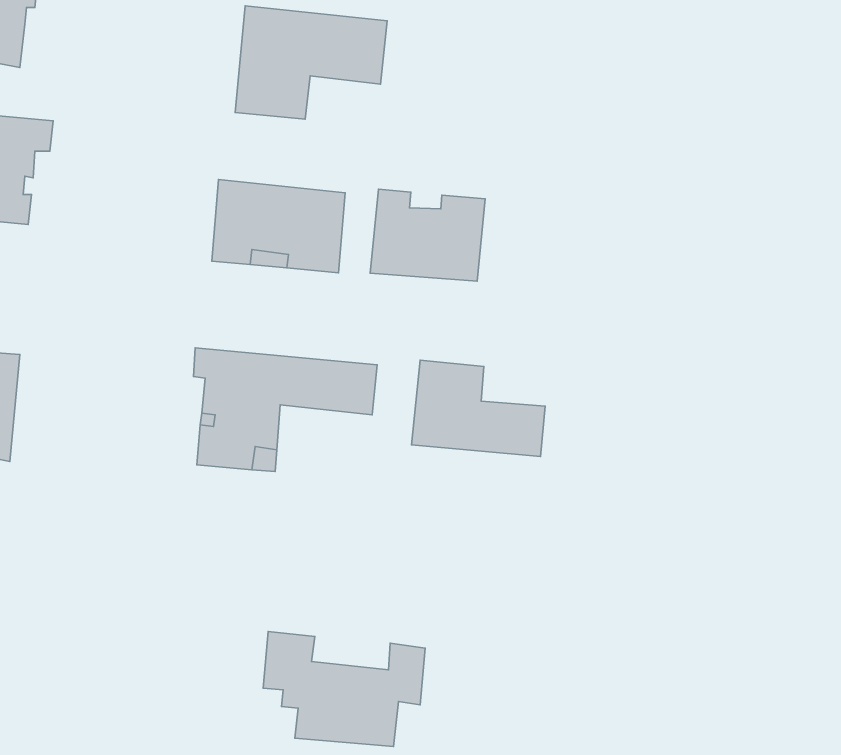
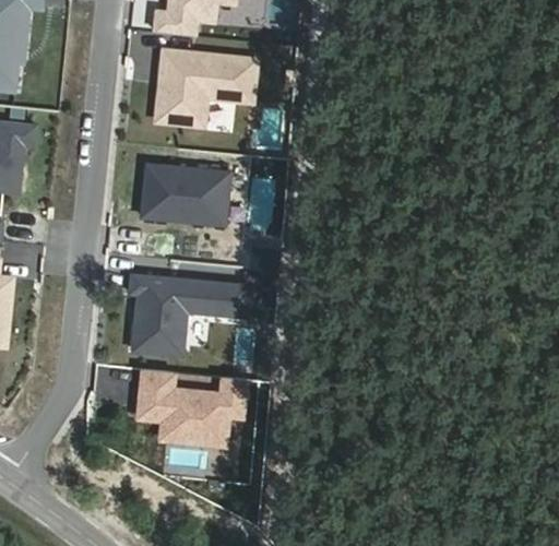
building: [370,189,485,281] -> none
building: [411,360,545,457] -> none
building: [263,631,425,747] -> [139,369,245,444]

